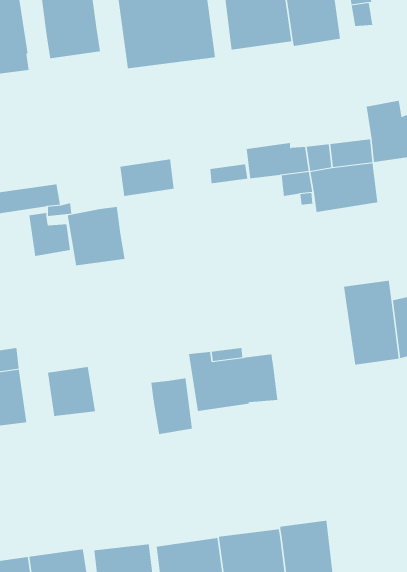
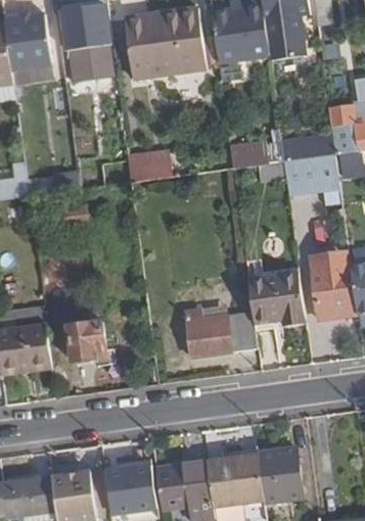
building: [67,206,125,266] -> none
building: none -> [245,272,304,327]
building: [151,377,192,435] -> none

